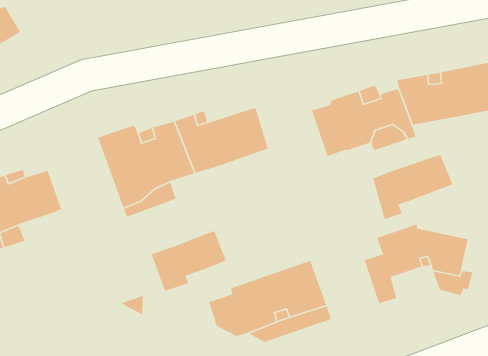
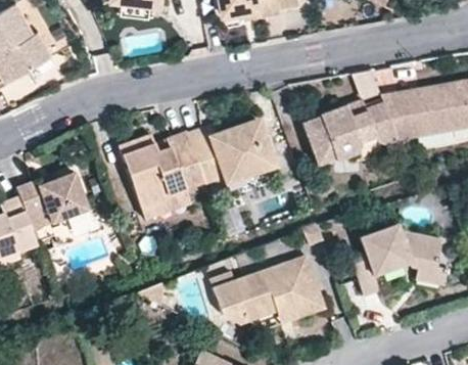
building: [372,154,453,220] -> none
building: [151,230,227,292] -> none

